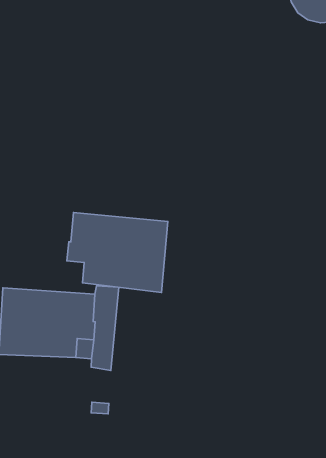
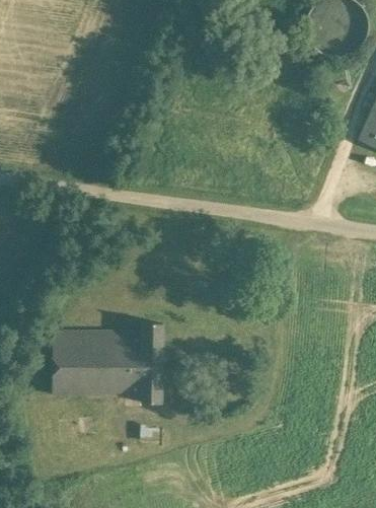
building: [67,213,168,293] -> none

